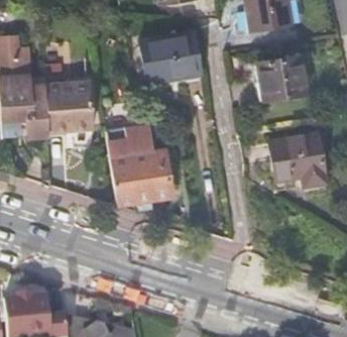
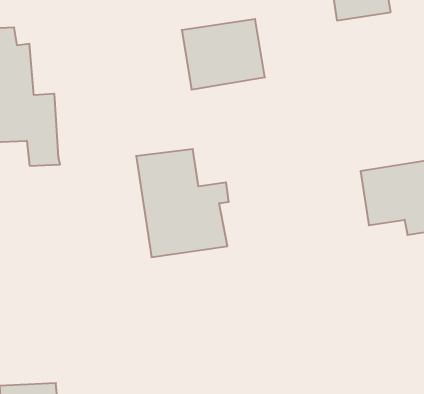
building: [256,55,308,100] -> none
building: [45,82,92,131] -> none

